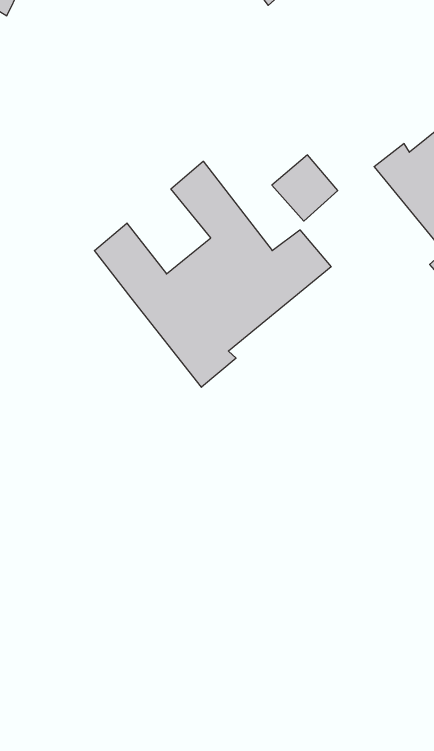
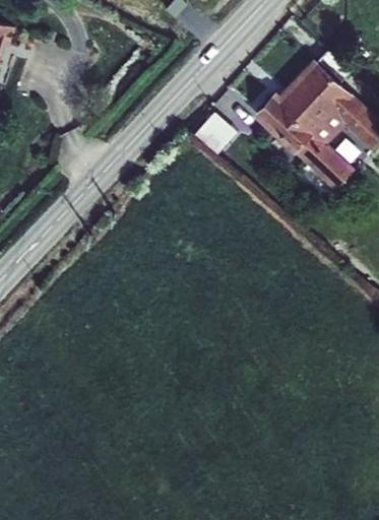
building: [94,161,331,387] -> none

